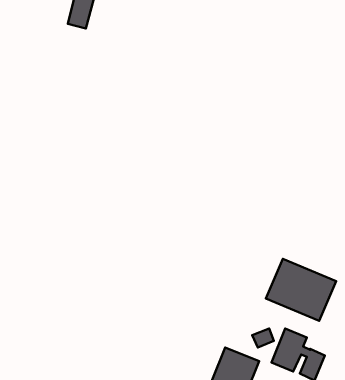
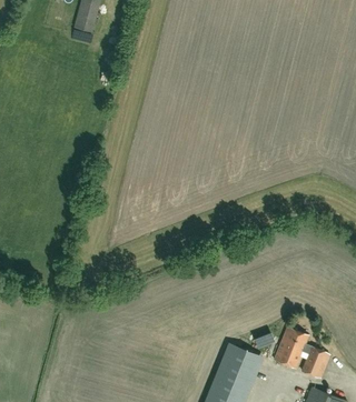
building: [266,259,336,321] -> none

